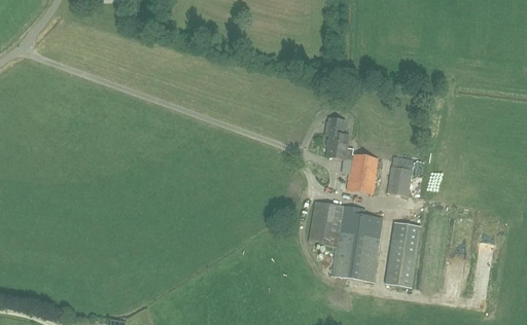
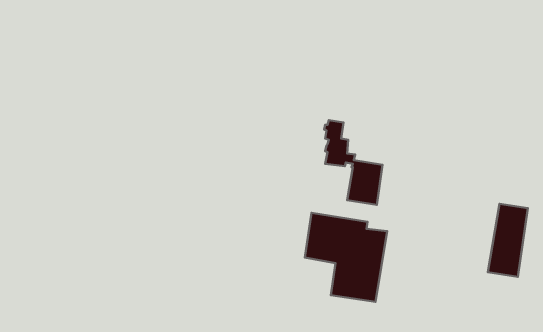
building: [387,166,413,195] -> none
building: [385,221,421,287] -> [488,204,528,277]

